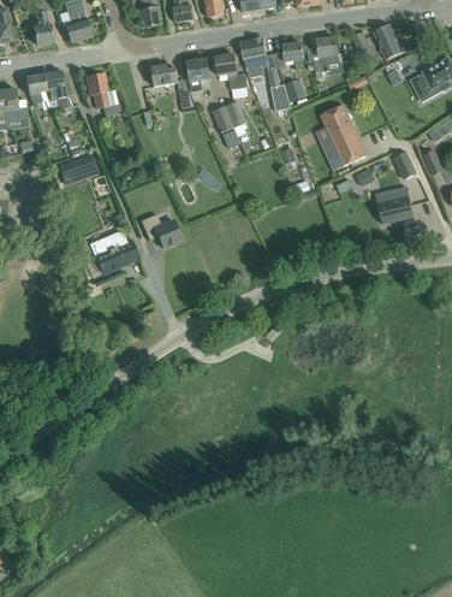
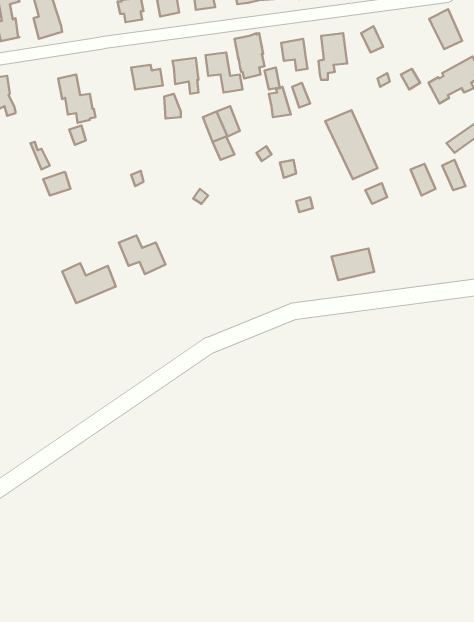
building: [373,23,402,58] -> [429,9,462,49]
building: [42,70,71,108] -> none
building: [376,195,414,223] -> [331,248,374,280]

